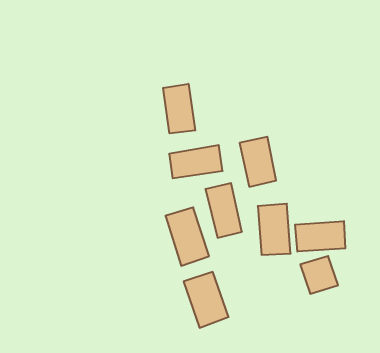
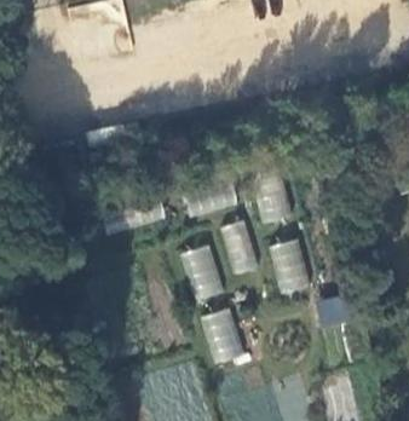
building: [163,84,195,133] -> none
building: [295,221,345,252] -> none

